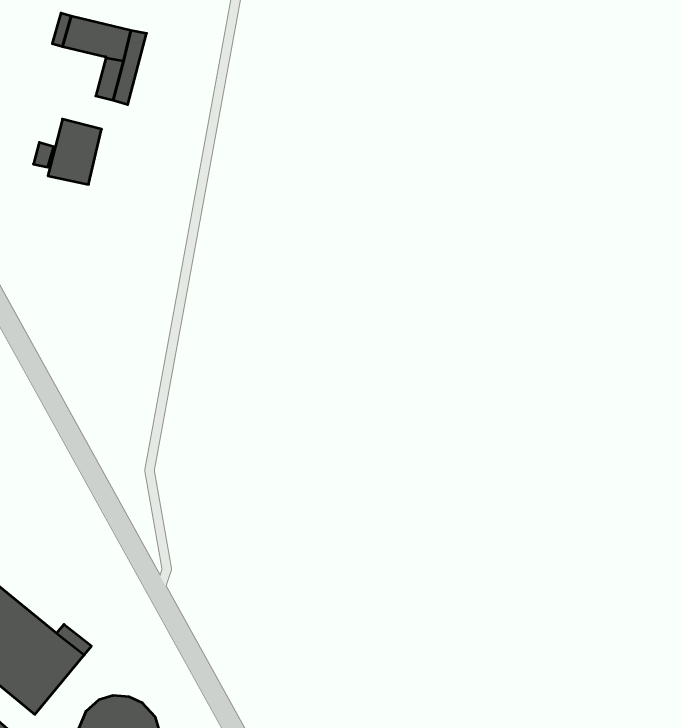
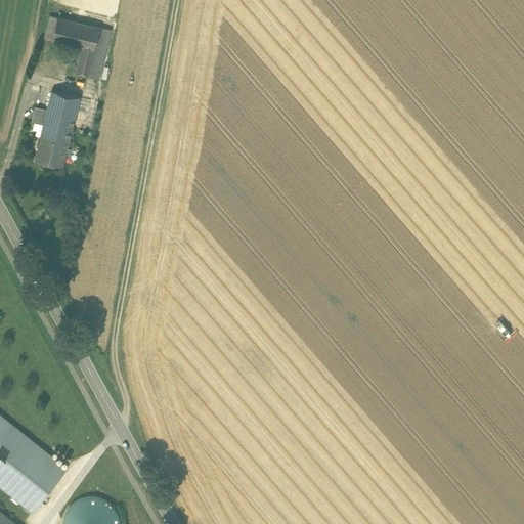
building: none -> [34,132,70,168]

